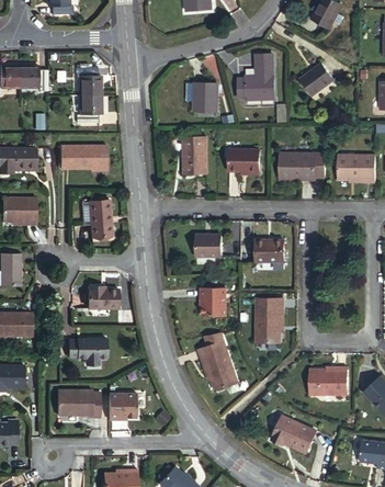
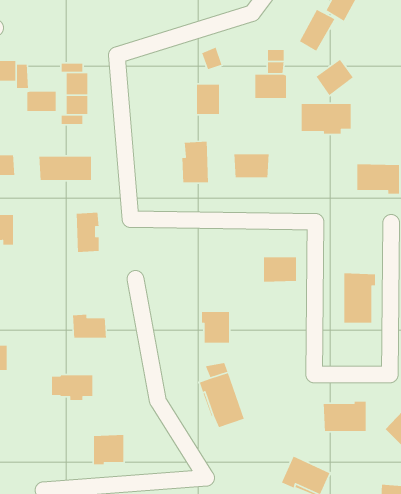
building: none -> [299,9,335,52]
building: none -> [26,91,57,112]
building: [280,154,325,181] -> [301,103,352,134]
building: [196,235,222,257] -> none
building: [257,296,285,341] -> [344,273,376,324]
building: [56,393,98,419] -> none

